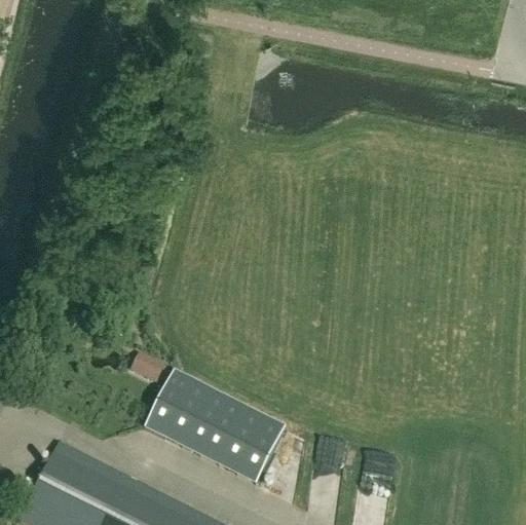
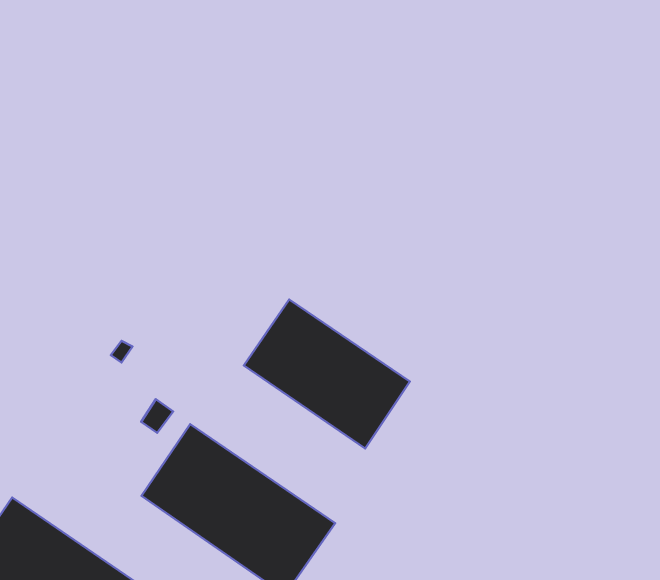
building: none -> [244,299,410,448]

